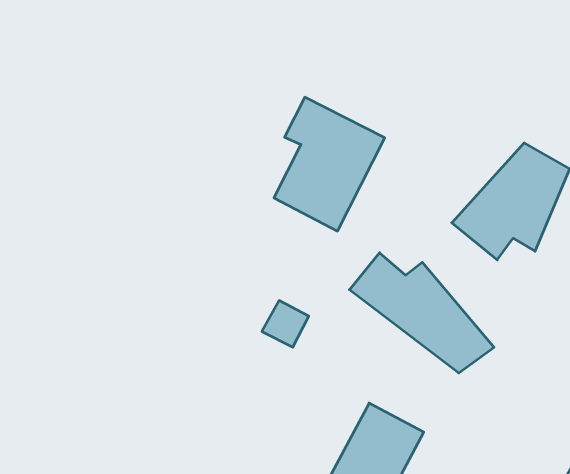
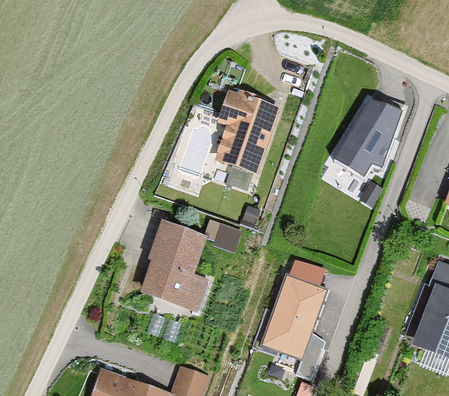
building: [349,253,494,373] -> none
building: none -> [136,220,210,310]

